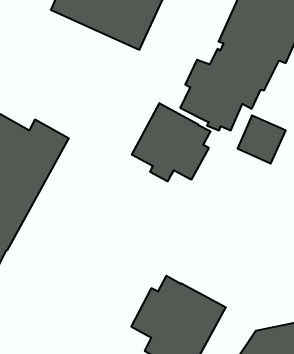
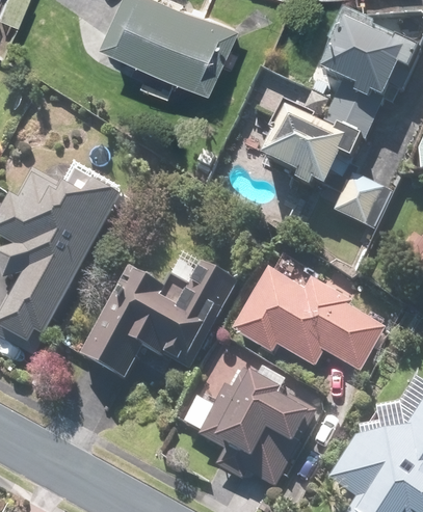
building: [132,103,211,181] -> none
building: none -> [79,262,237,377]
building: none -> [231,265,385,369]

